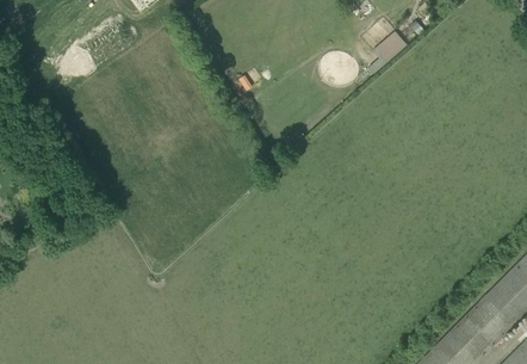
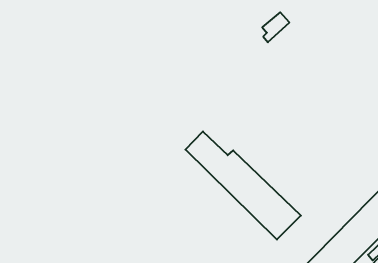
building: none -> [185,131,301,240]

